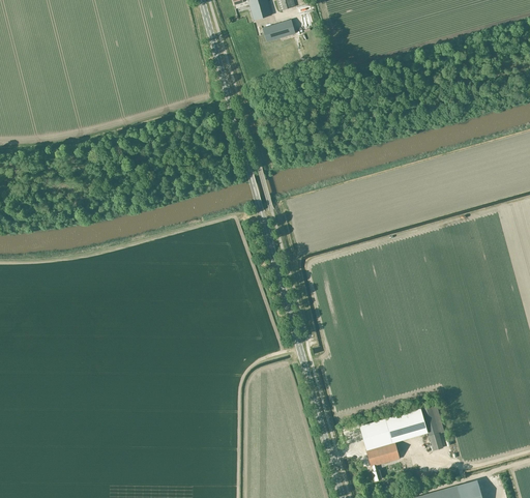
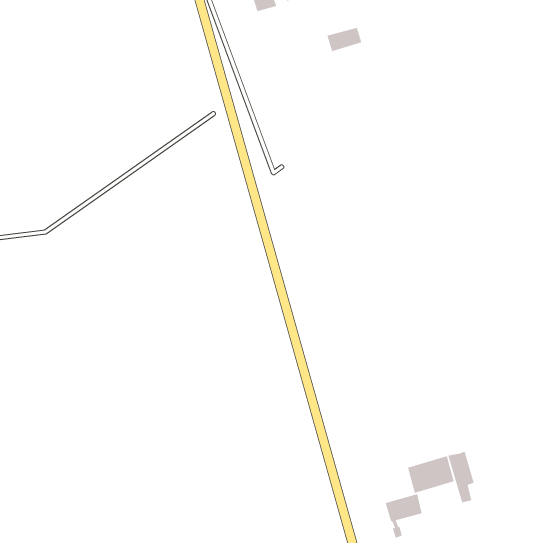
building: [264,20,295,41] -> [327,27,362,52]
building: [361,417,393,448] -> none

